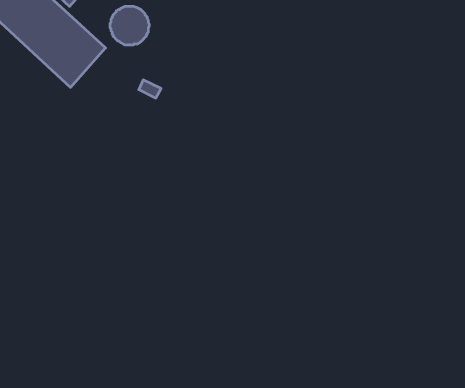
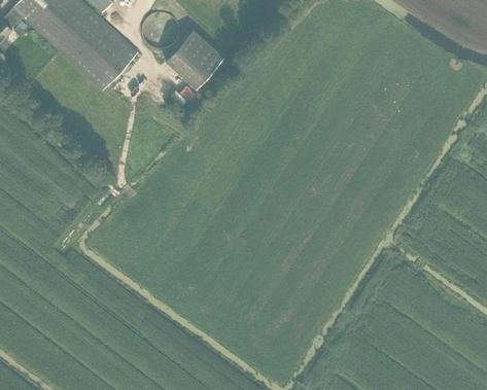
building: none -> [166,30,224,87]

